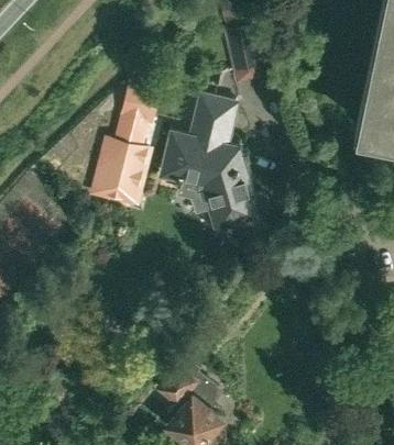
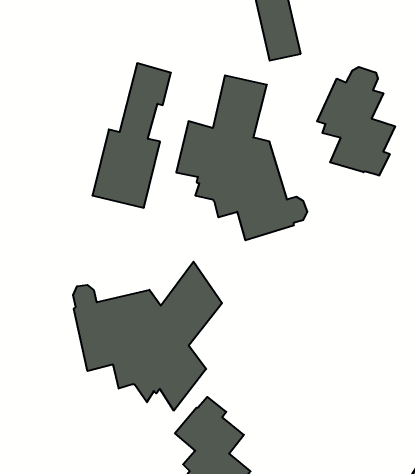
building: none -> [317,67,395,176]
building: none -> [73,262,222,411]

